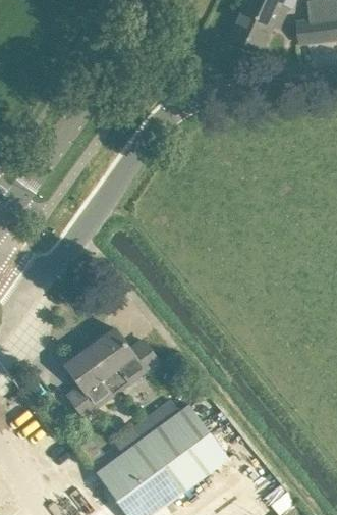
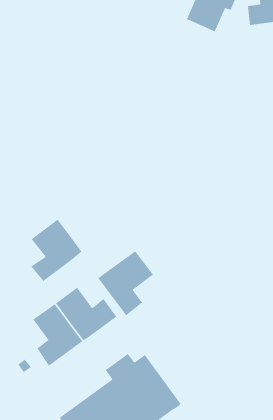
building: none -> [31,219,82,282]
building: none -> [97,250,154,316]

